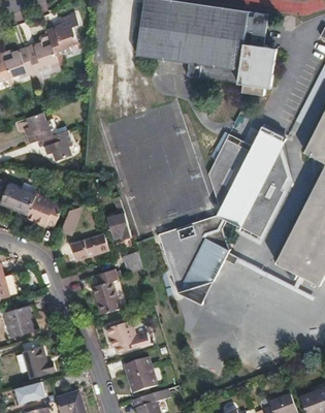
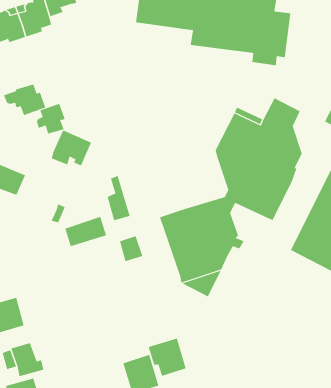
building: [26,194,63,227] -> [51,130,92,166]
building: [92,268,121,315] -> none
building: [104,320,139,355] -> [148,338,186,377]

